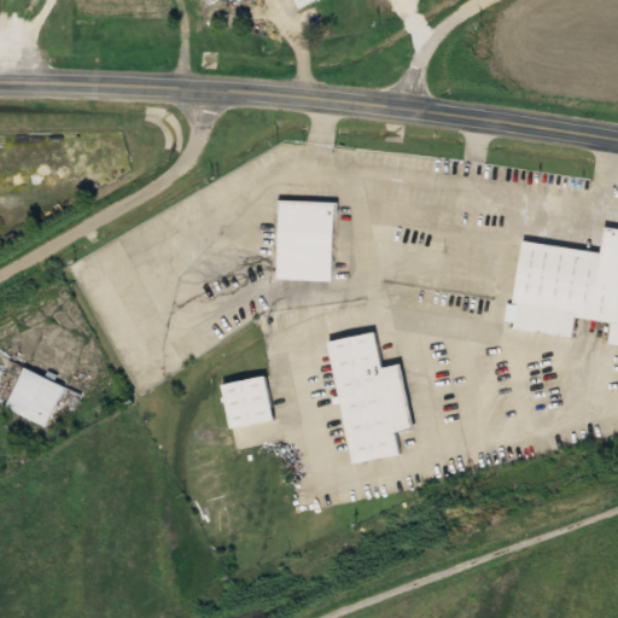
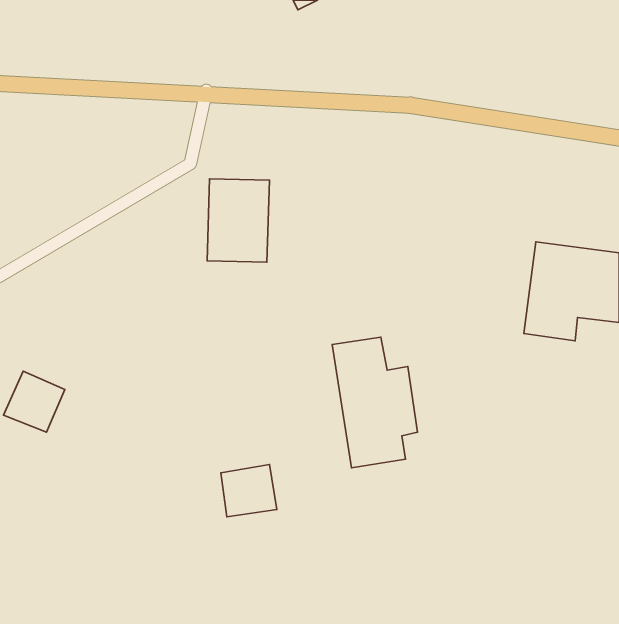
building: [273,199,334,281] -> [207,179,269,262]
building: [218,375,274,427] -> [221,464,277,517]

